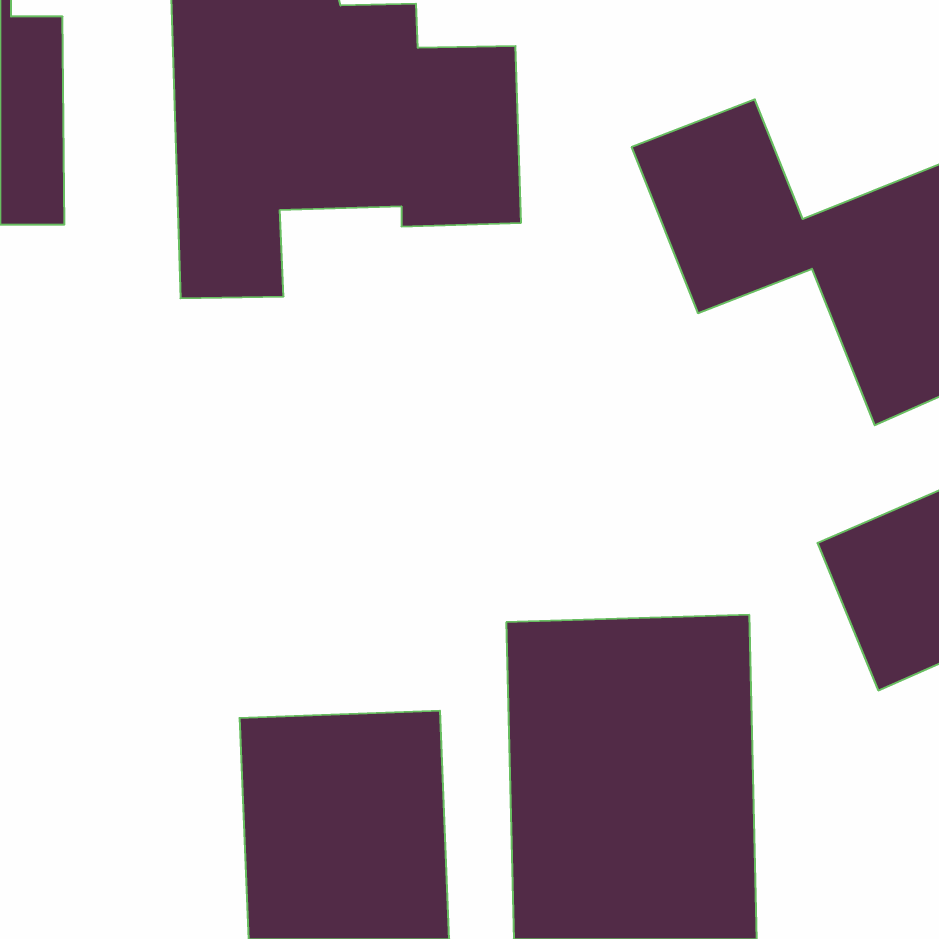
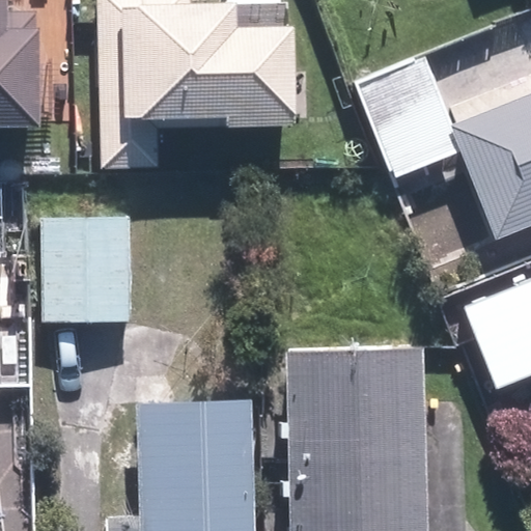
building: none -> [41,216,132,322]

